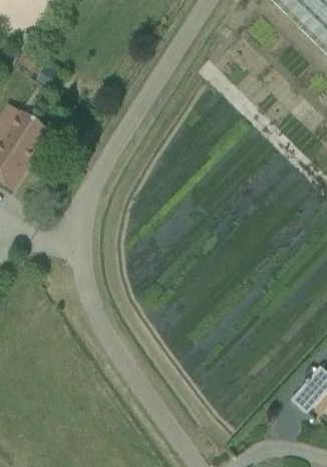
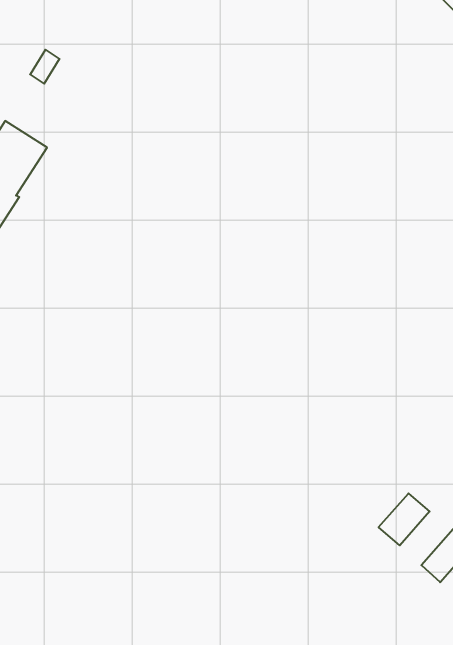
building: none -> [379,493,430,545]

